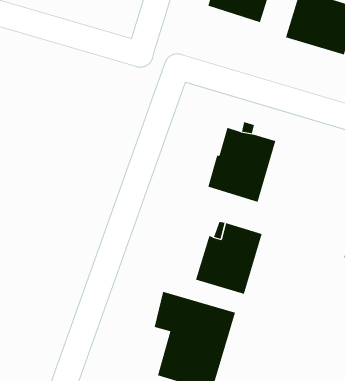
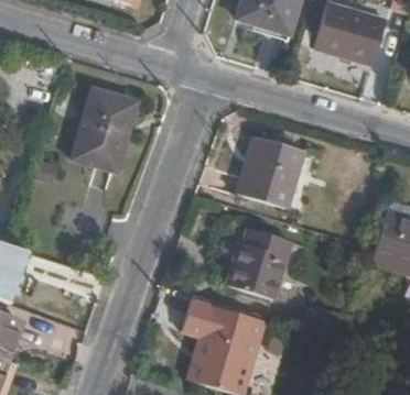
building: none -> [72,88,133,172]

